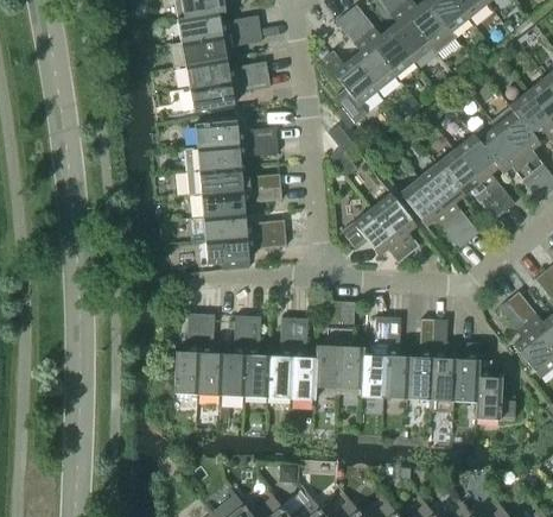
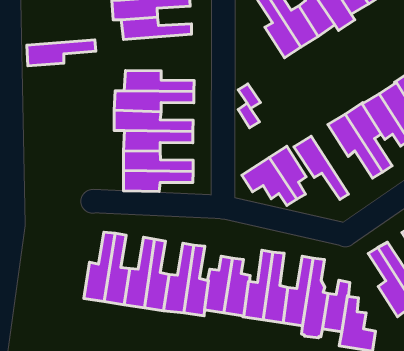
building: [323,51,379,124] -> none
building: [190,74,271,112] -> [27,40,96,66]
building: [419,163,479,241] -> none

